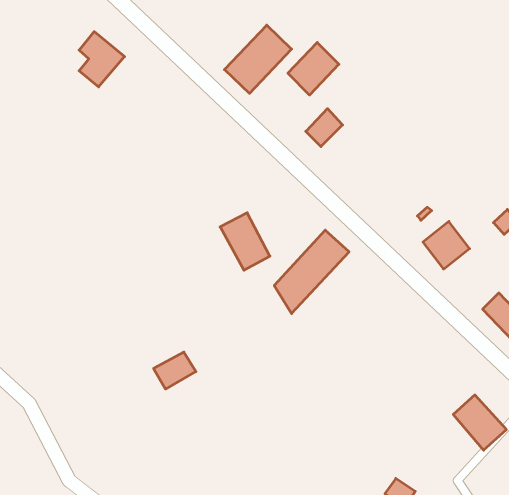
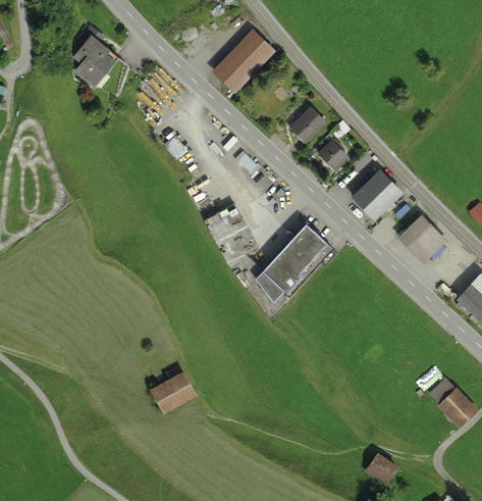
building: [288,42,339,95] -> none
building: none -> [317,140,351,173]
building: none -> [353,173,397,218]
building: [154,352,196,389] -> [150,375,190,410]

